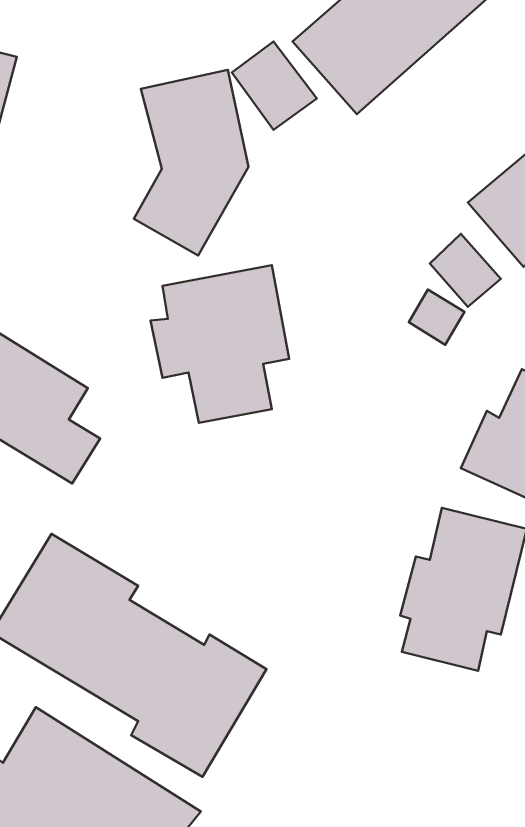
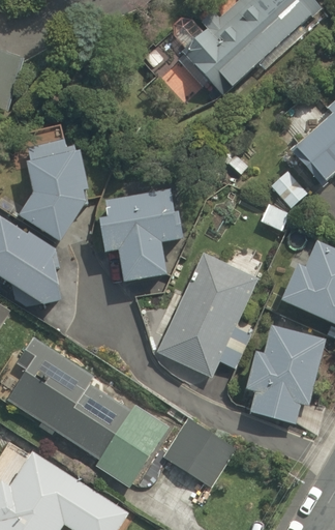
building: [134,70,248,255] -> [22,136,90,246]
building: none -> [157,254,253,375]
building: none -> [157,416,229,484]

